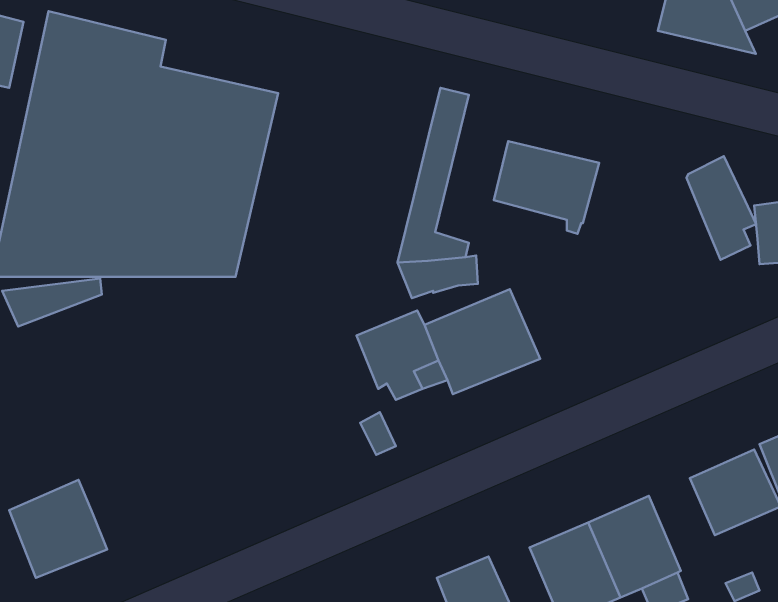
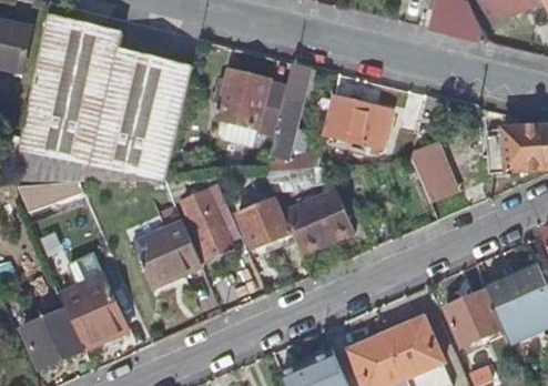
building: none -> [219,69,287,145]
building: [687,156,756,260] -> [410,145,454,210]
building: none -> [183,185,241,254]
building: none -> [133,228,204,293]
building: none -> [61,275,129,346]

